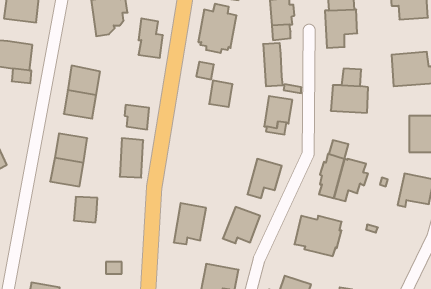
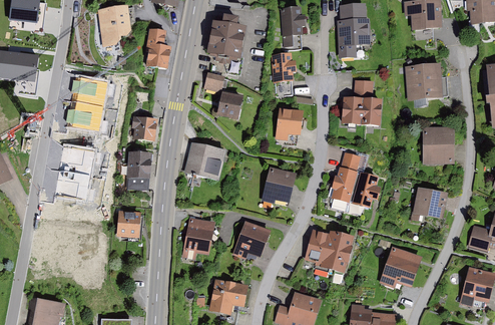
building: none -> [185,141,226,180]
building: [74,197,97,222] -> [117,211,141,237]
building: none -> [381,247,422,287]

